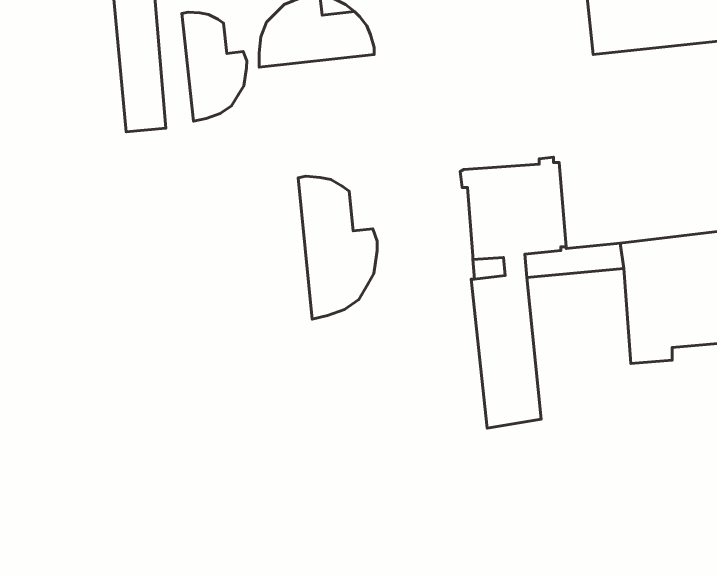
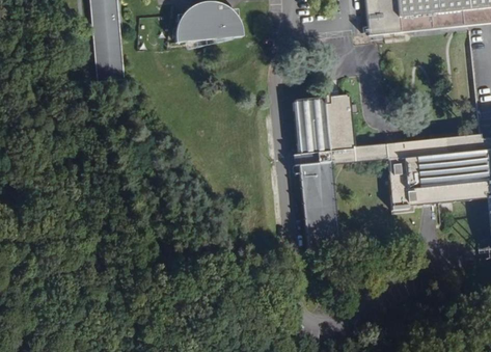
building: [182,12,247,121] -> none
building: [298,176,377,319] -> none

